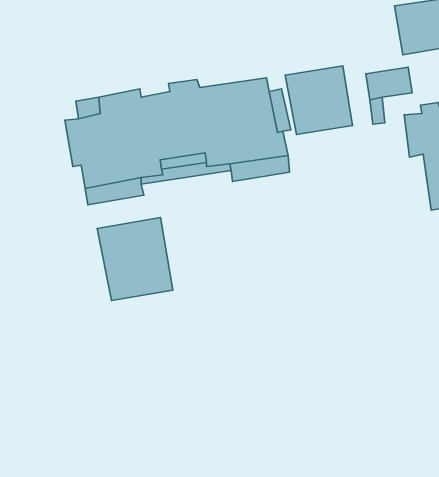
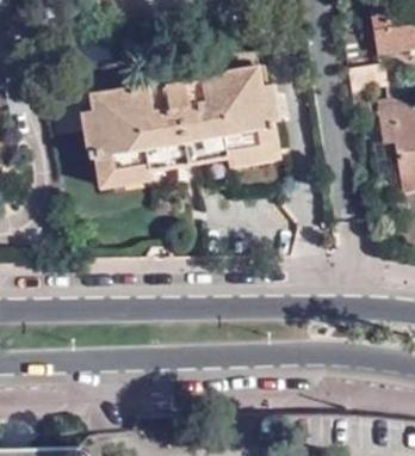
building: [285,66,352,135] -> none
building: [97,217,173,301] -> none

